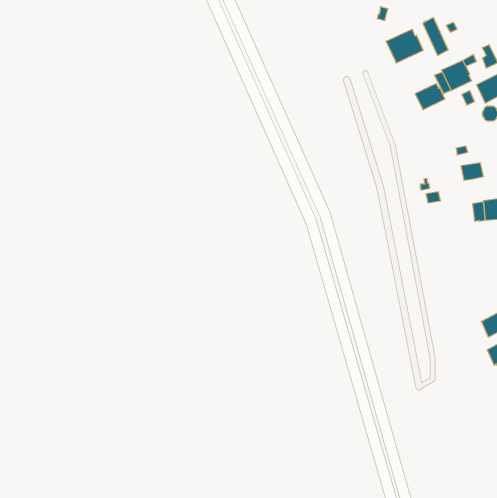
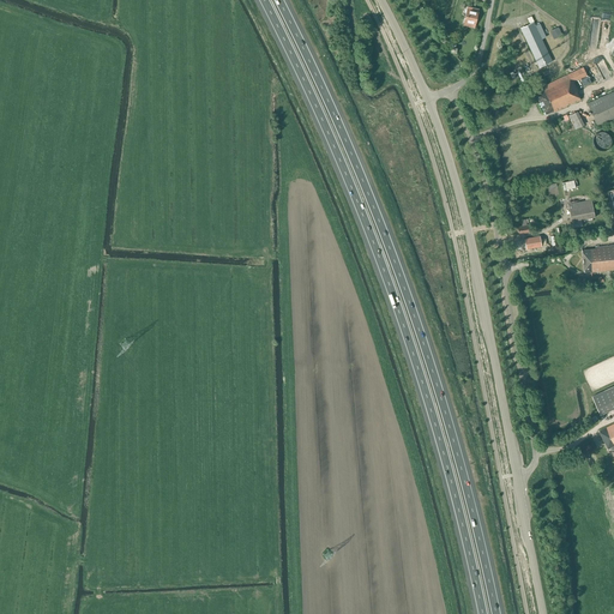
building: [386,29,423,63] -> none
building: [415,84,445,110] -> none

